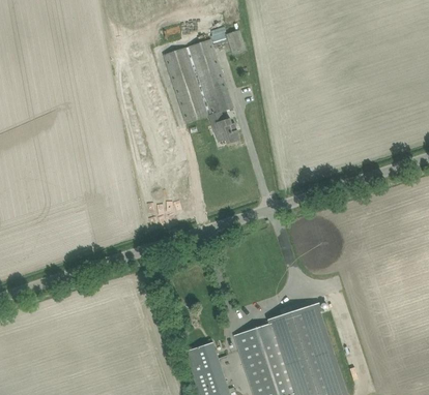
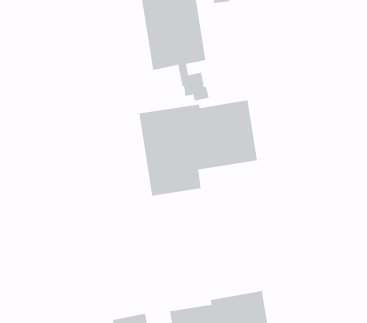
building: none -> [139,99,258,196]

